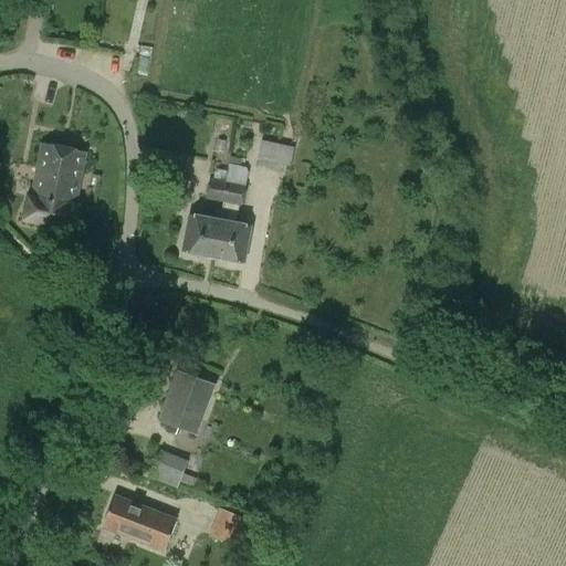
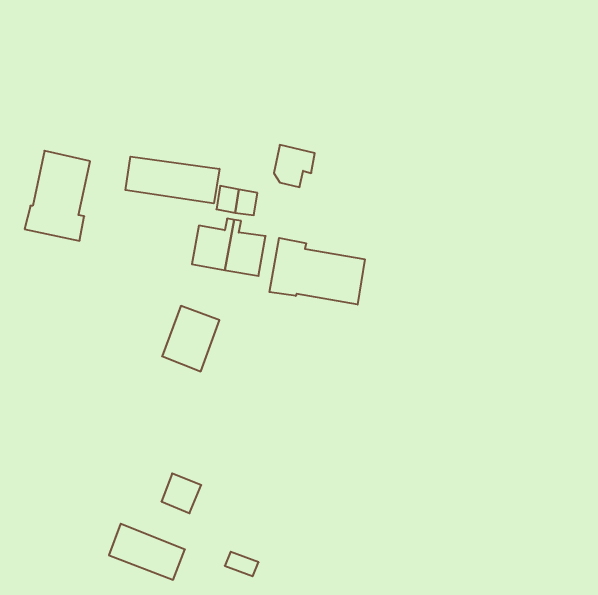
building: none -> [125,157,219,203]
building: none -> [269,238,365,305]
building: [159,370,213,432] -> [162,306,219,371]

